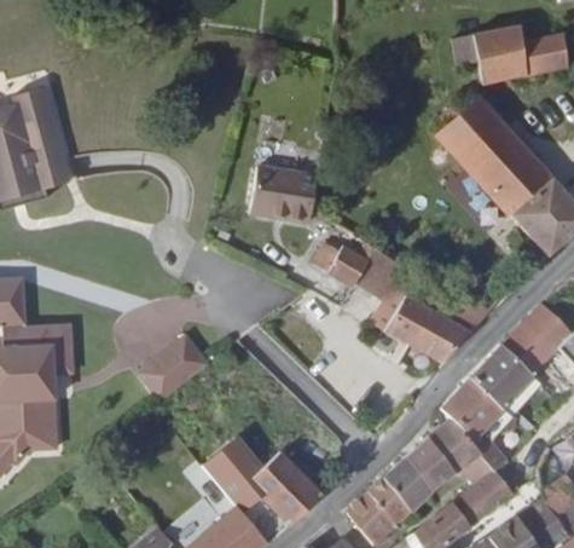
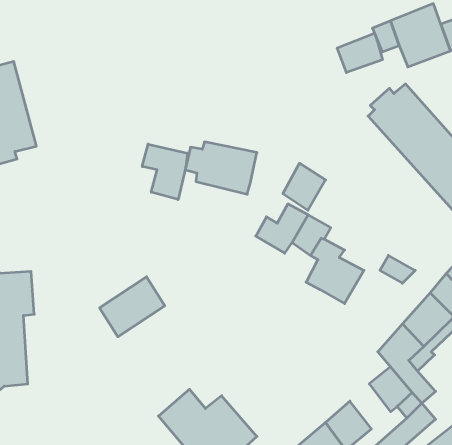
building: none -> [337,33,382,73]
building: none -> [142,144,188,200]
building: none -> [283,163,326,210]
building: [413,312,472,369] -> none
building: [419,440,465,491] -> none

